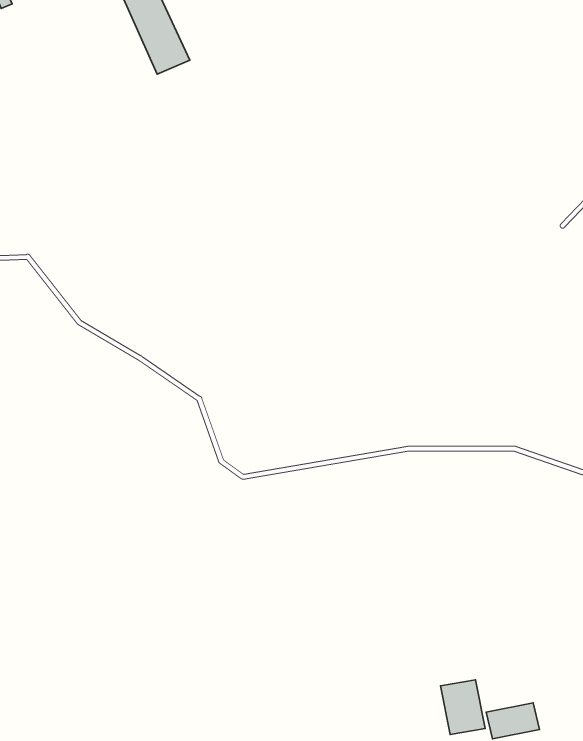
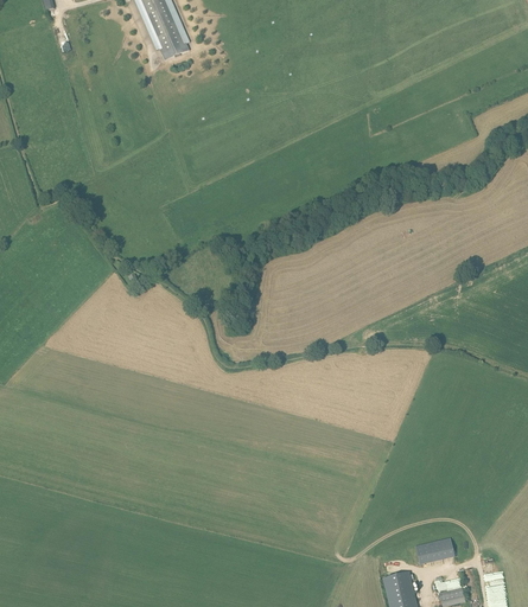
building: [441,680,485,734] -> none

